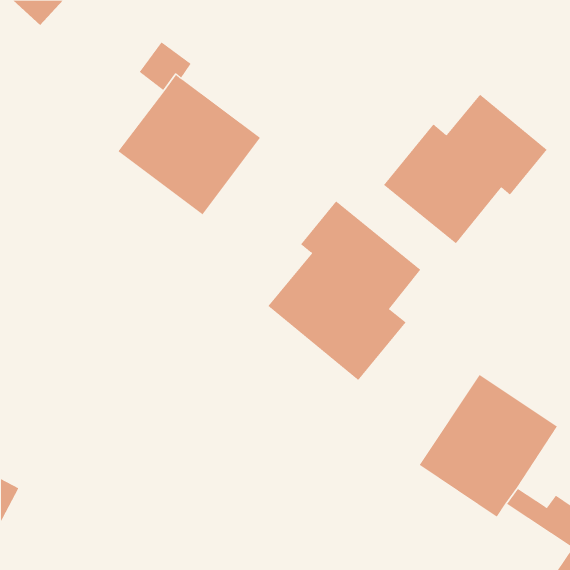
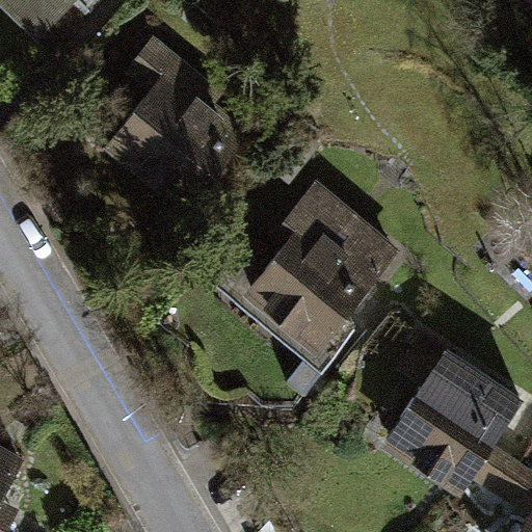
building: [383,94,548,244] -> none

